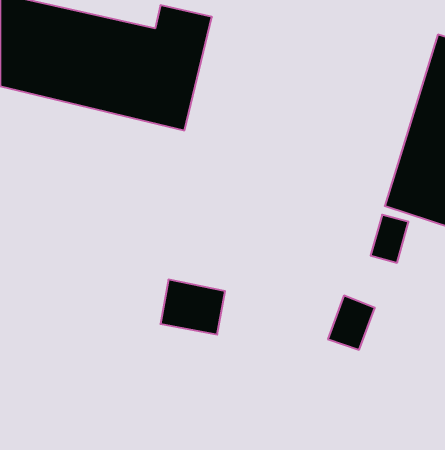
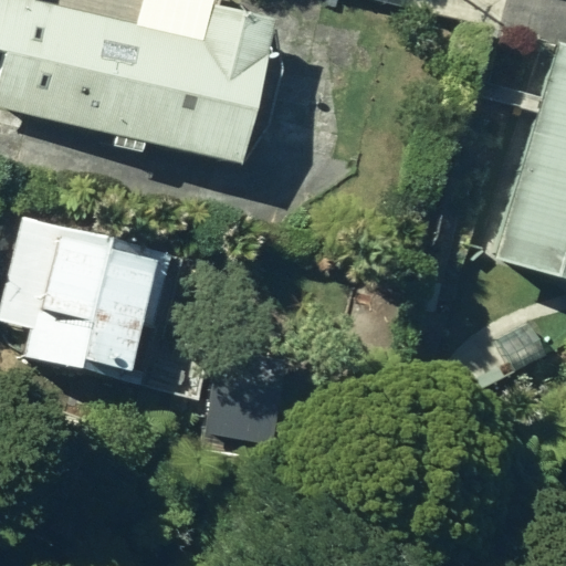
building: none -> [23,227,165,374]

